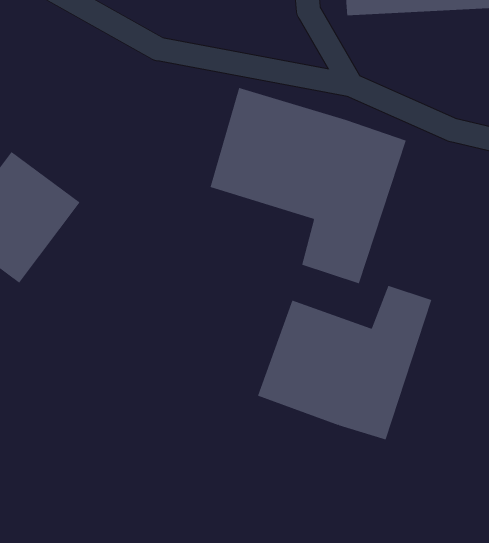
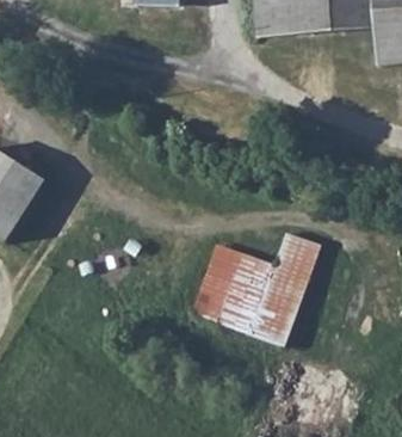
building: [210,87,407,284] -> none

